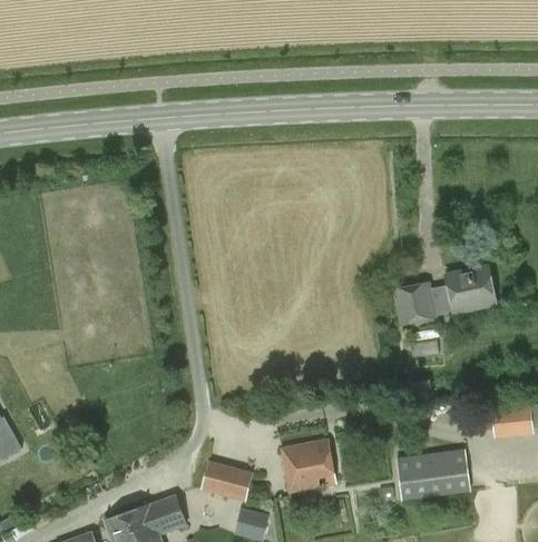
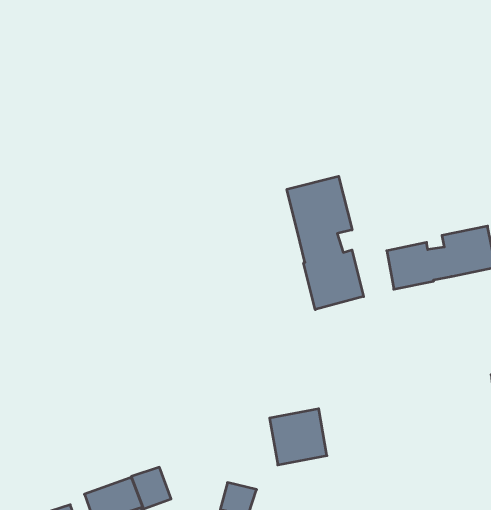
building: none -> [287,176,364,310]
building: [397,450,471,499] -> none
building: [199,461,253,502] -> none

